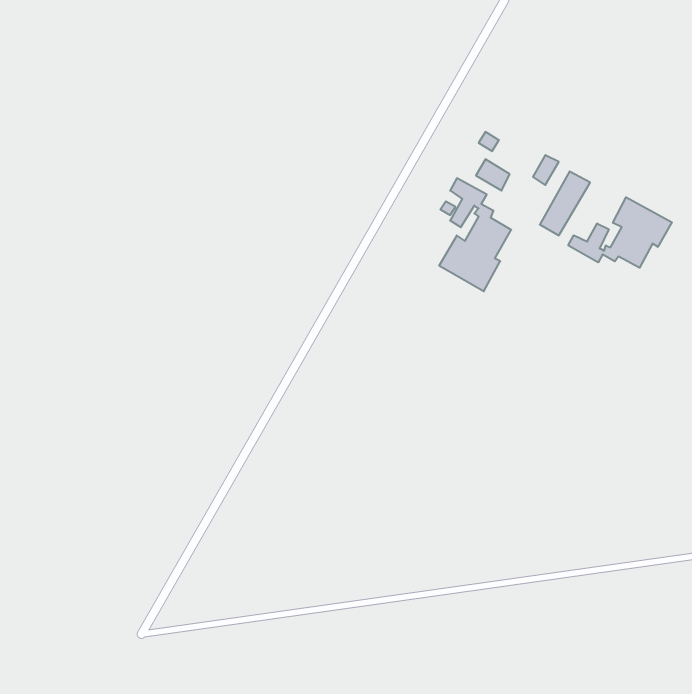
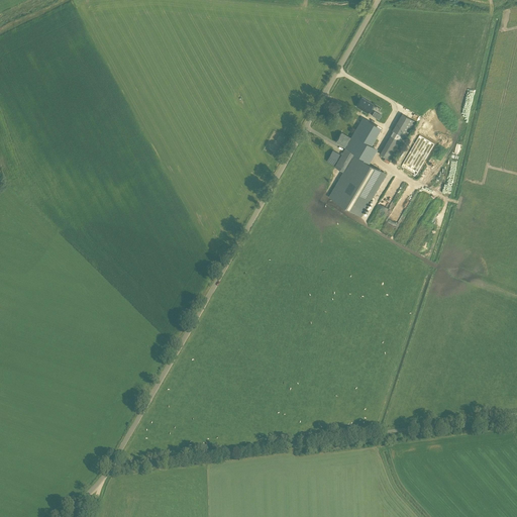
building: [568,197,672,268] -> none

